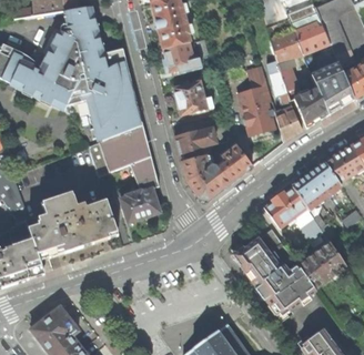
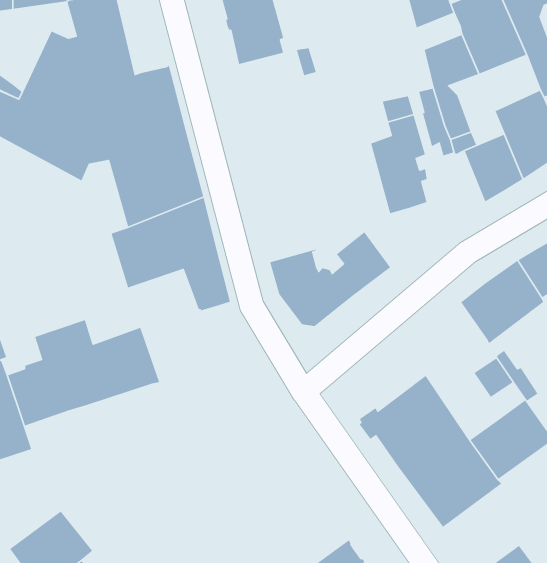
building: [163,41,202,72] -> none
building: [173,81,214,114] -> none
building: [276,106,302,141] -> none
building: [174,126,218,162] -> none
building: [263,185,307,227] -> none
building: [120,187,159,222] -> none

